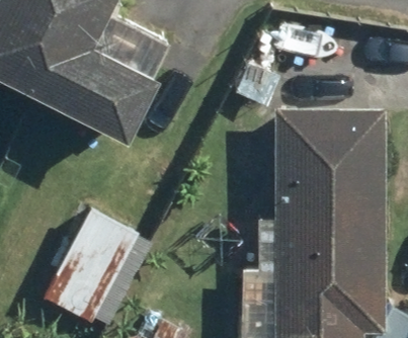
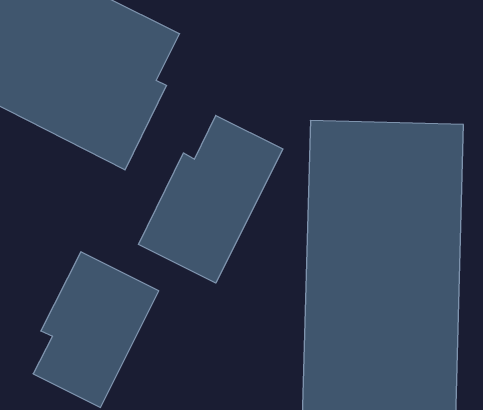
building: none -> [138,115,283,283]

